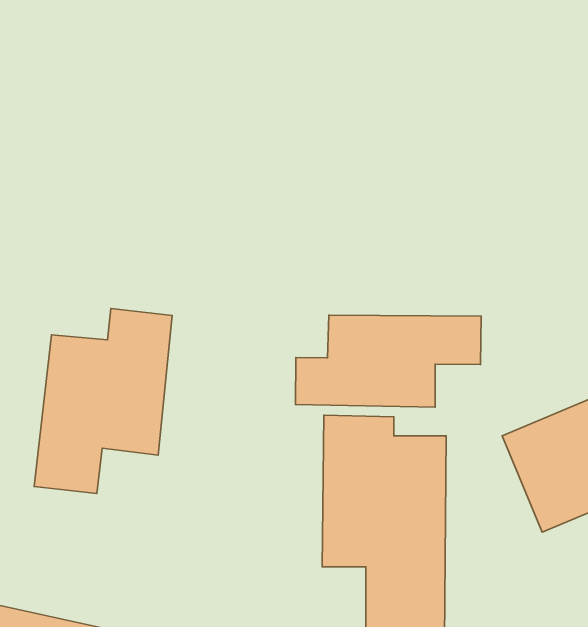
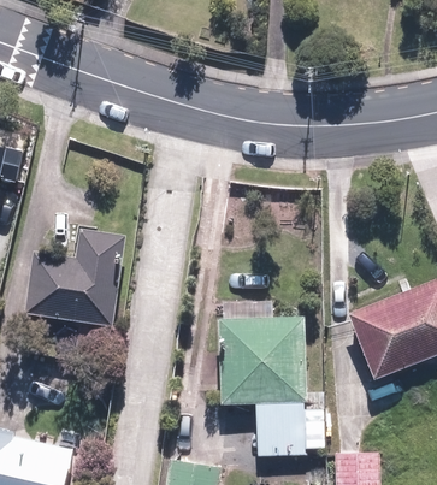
building: [296,315,481,407] -> none

